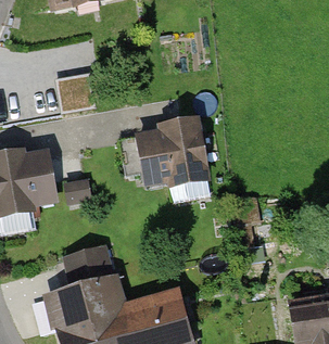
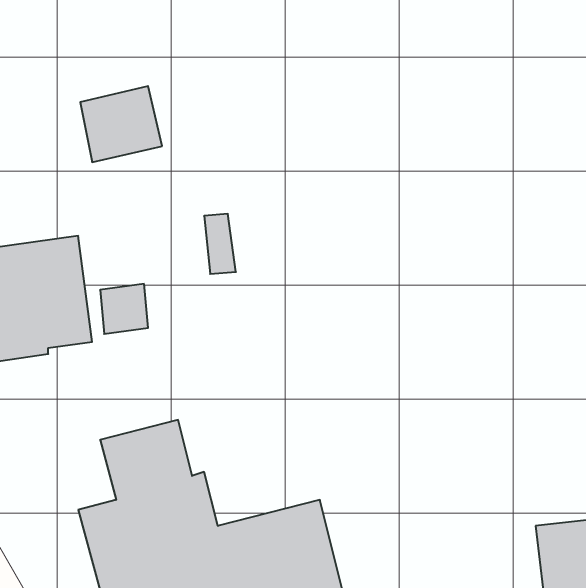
building: [138,120,207,189] -> none

